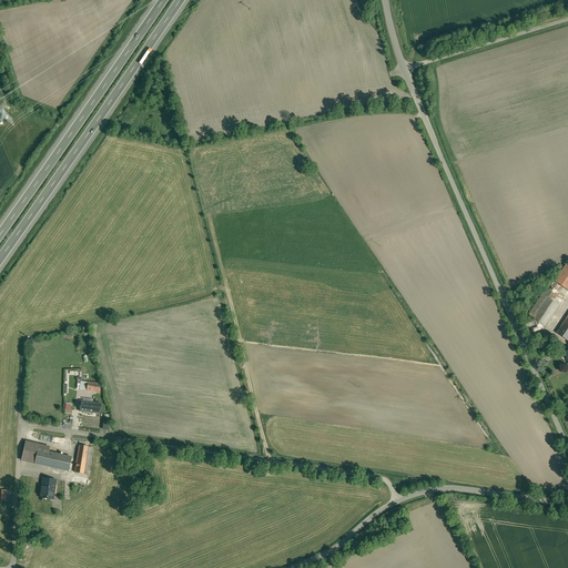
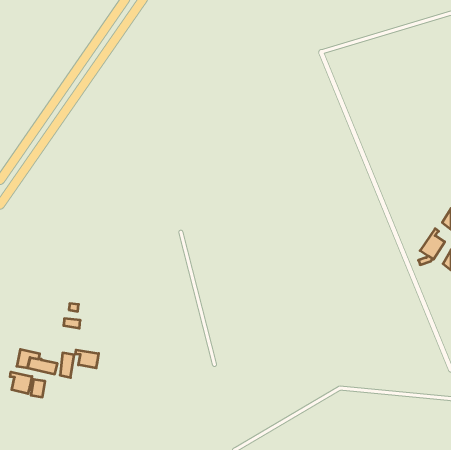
building: none -> [76,350,99,368]
building: none -> [10,372,32,394]

